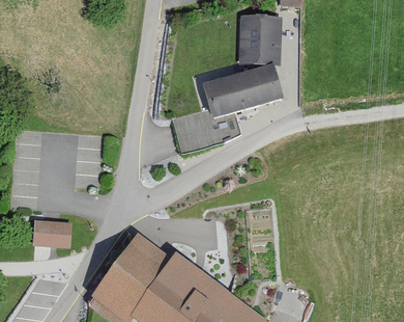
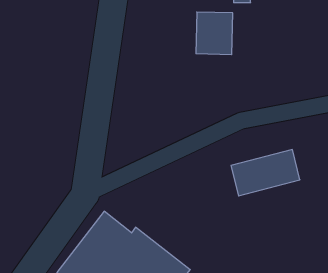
building: [208,63,284,114] -> [231,150,300,196]
building: [33,220,70,245] -> none

